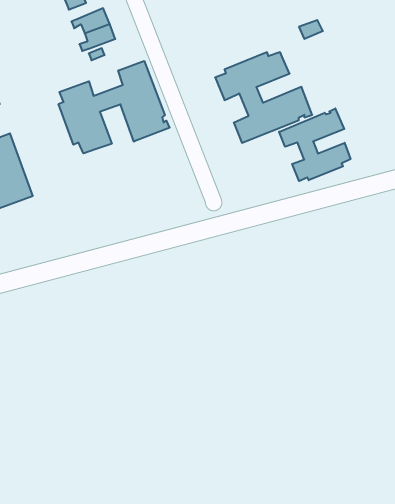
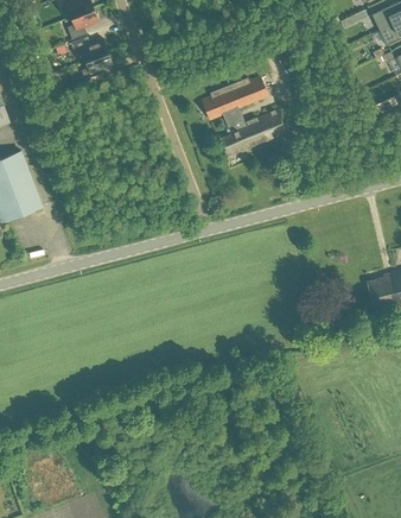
building: [59,61,170,153] -> none
building: [279,108,351,181] -> none

